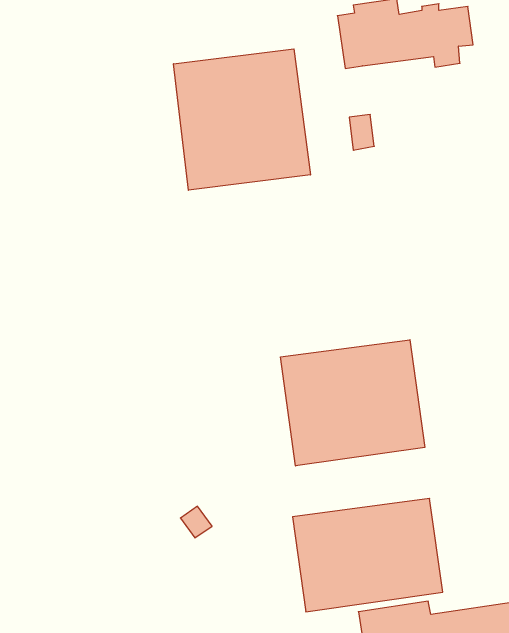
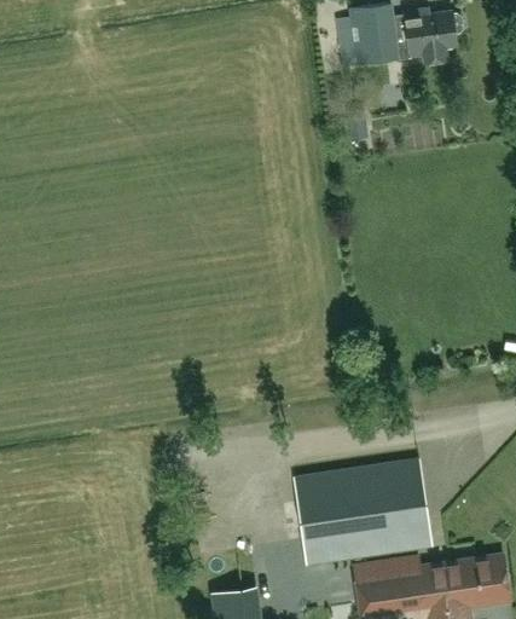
building: [174,49,310,190] -> none
building: [281,340,425,466] -> none

